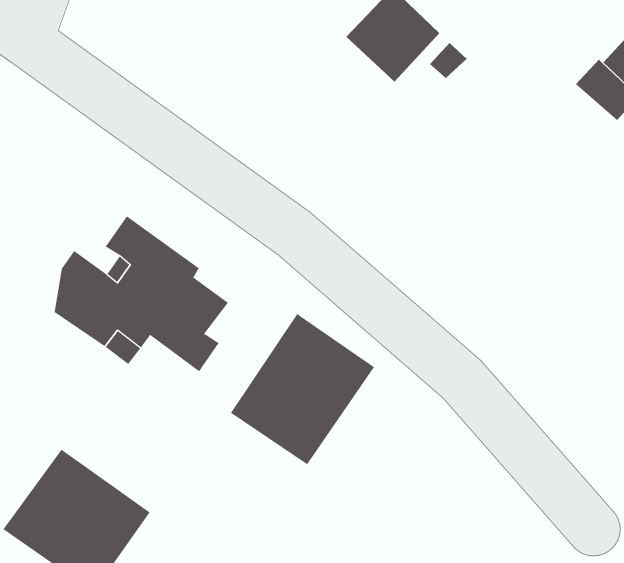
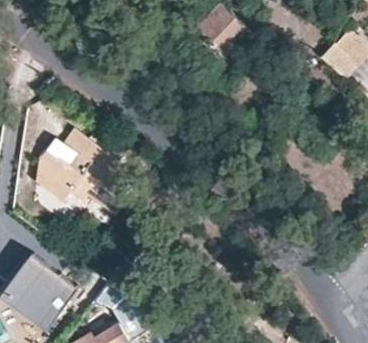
building: [230,313,375,465] -> none

